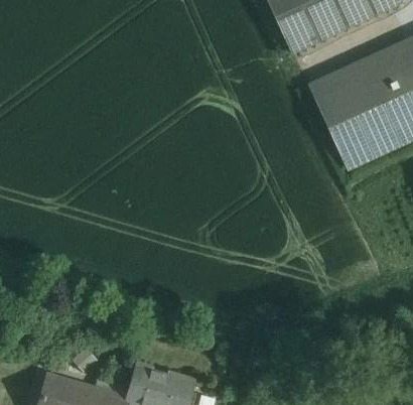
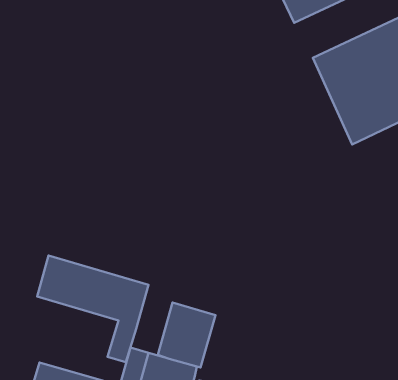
building: none -> [37,256,148,362]
building: none -> [158,303,215,367]

